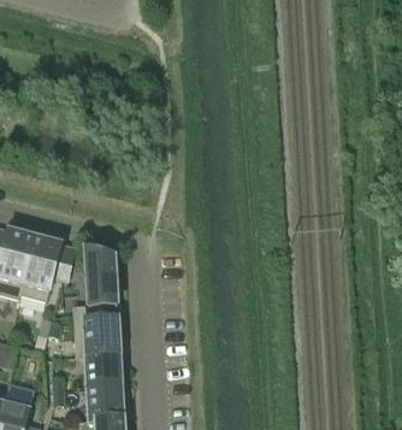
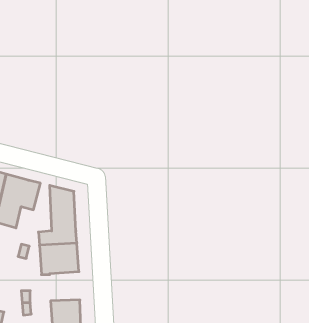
building: [85,349,122,384] -> none

